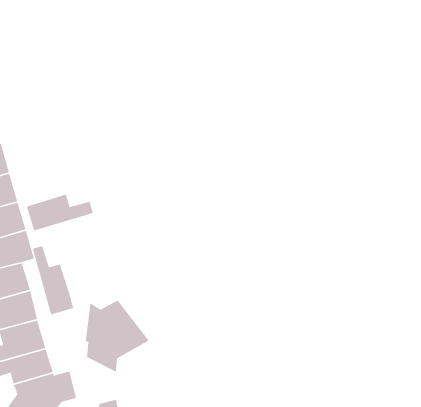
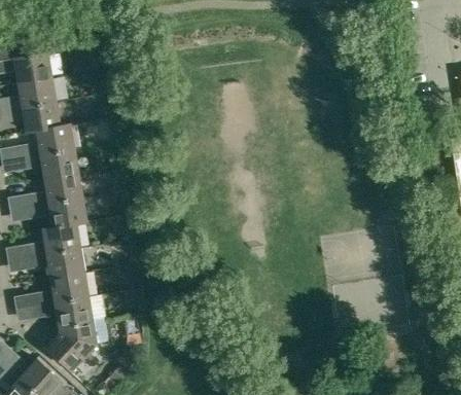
building: [26,194,94,232] -> none
building: [32,245,74,316] -> none
building: [85,300,150,373] -> none

